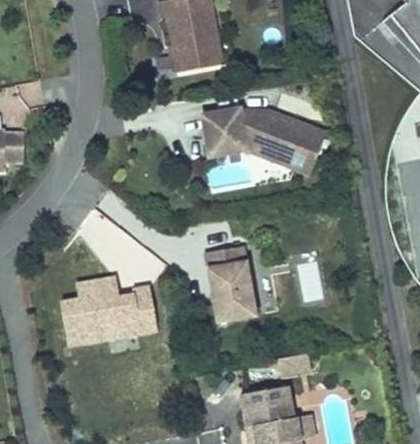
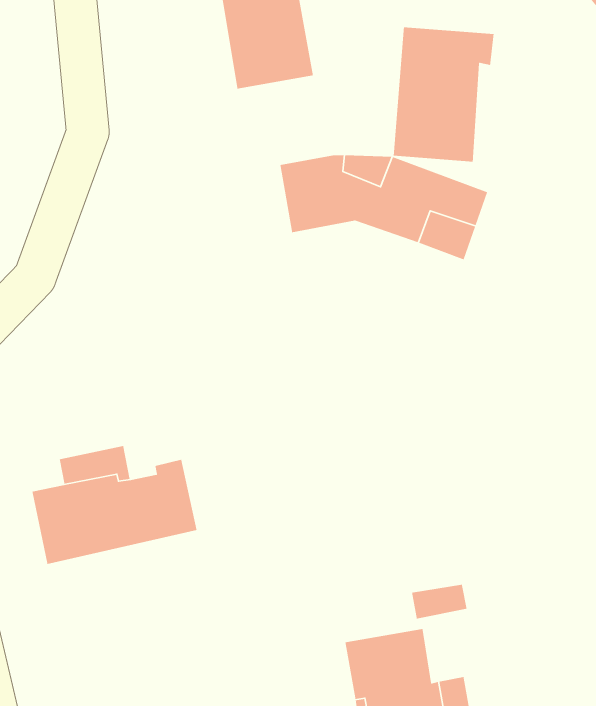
building: none -> [393,26,495,163]
building: [200,242,260,320] -> none

